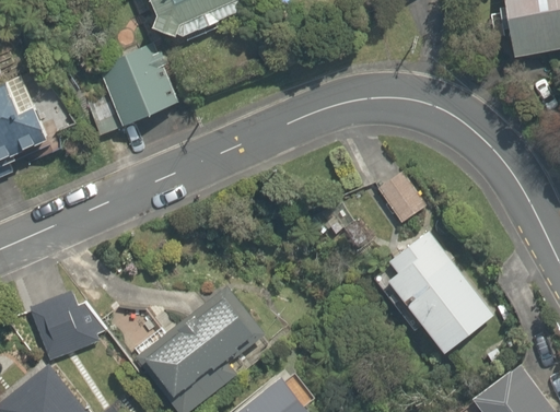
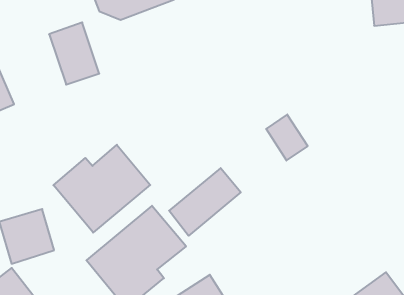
building: none -> [53,145,150,233]
building: [386,222,497,356] -> none
building: none -> [169,168,241,236]

